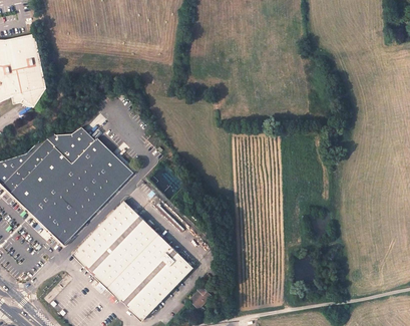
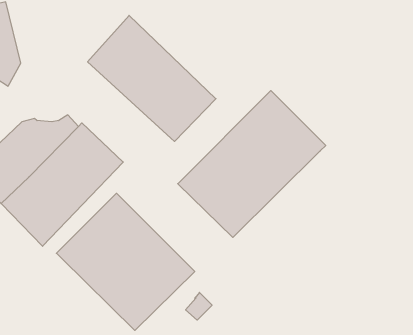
building: none -> [88,15,216,141]
building: none -> [178,91,326,237]

